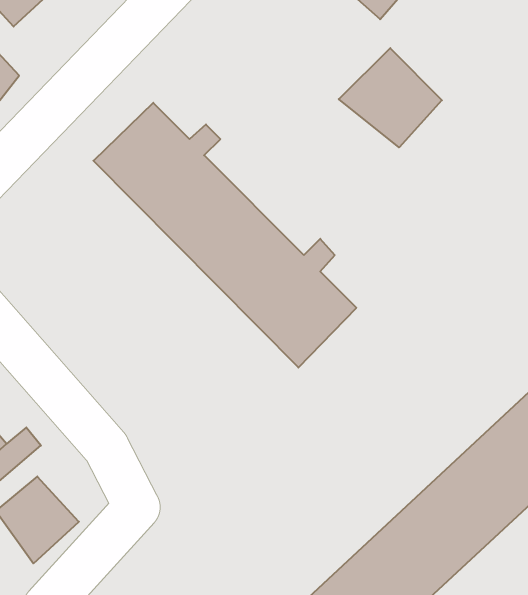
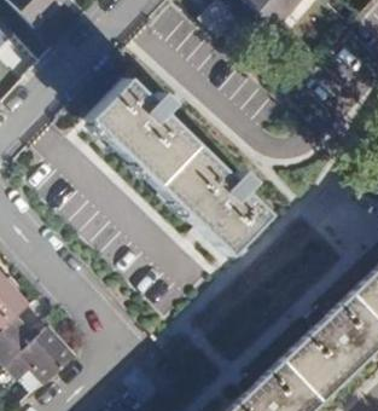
building: [339,48,442,147] -> none

